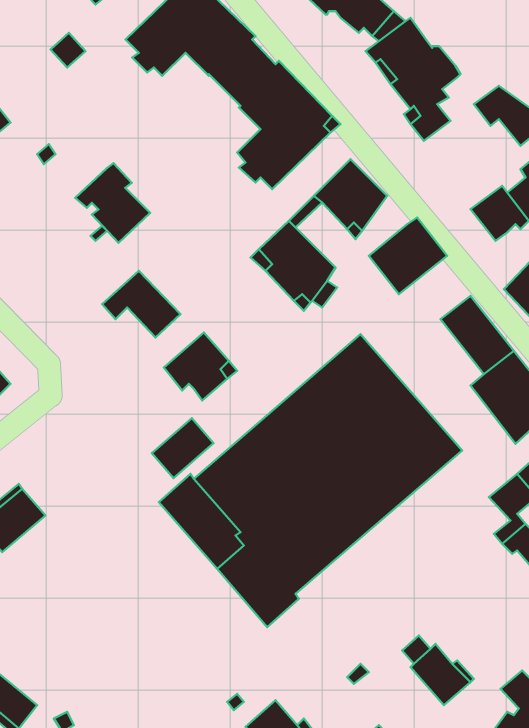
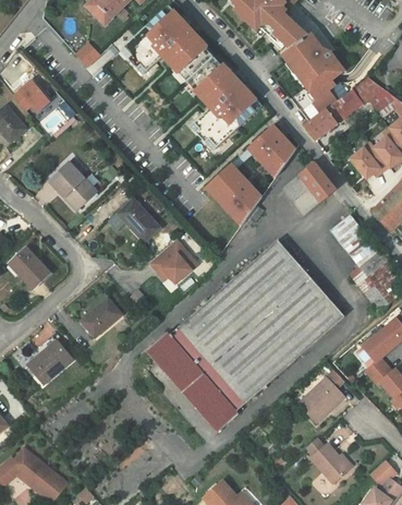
building: none -> [304,89,363,141]
building: [75,163,150,243] -> [48,158,97,211]
building: [152,418,214,478] -> [81,298,121,337]
building: none -> [299,370,344,422]

